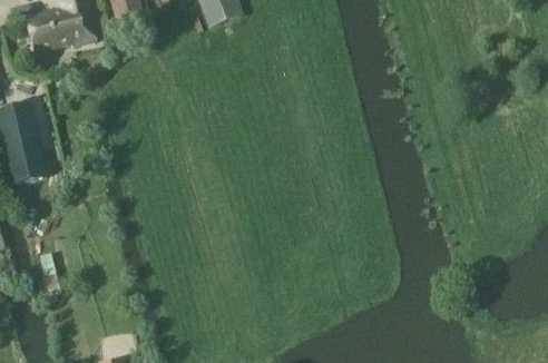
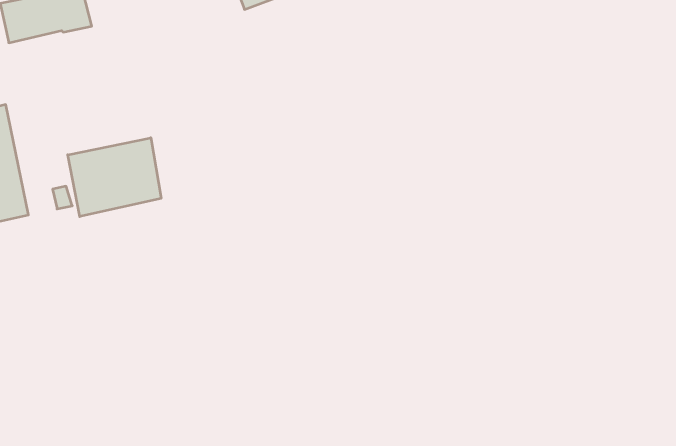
building: none -> [68,138,161,217]

